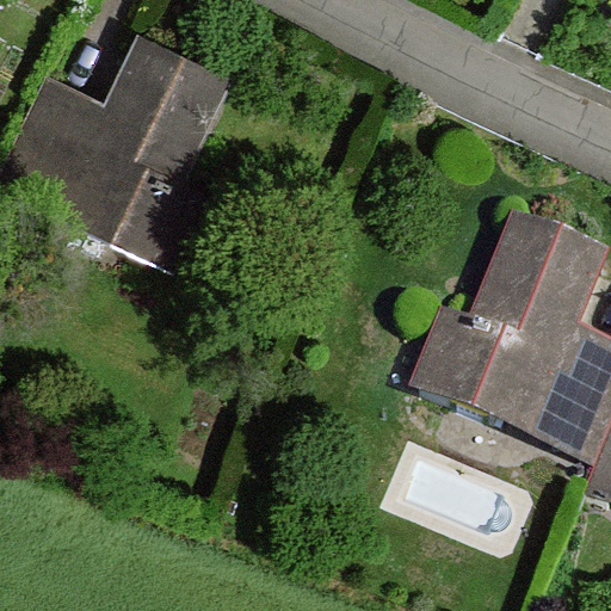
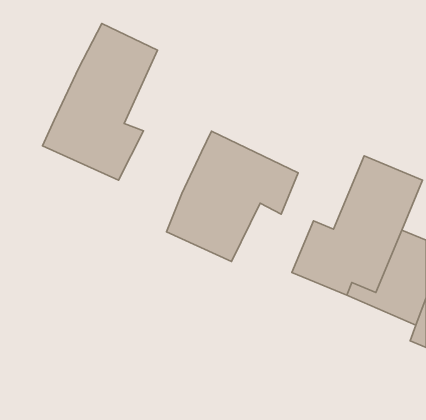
building: [16,69,112,172] -> none
building: none -> [167,131,298,262]

